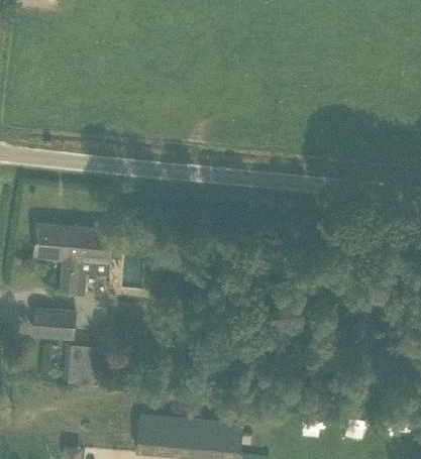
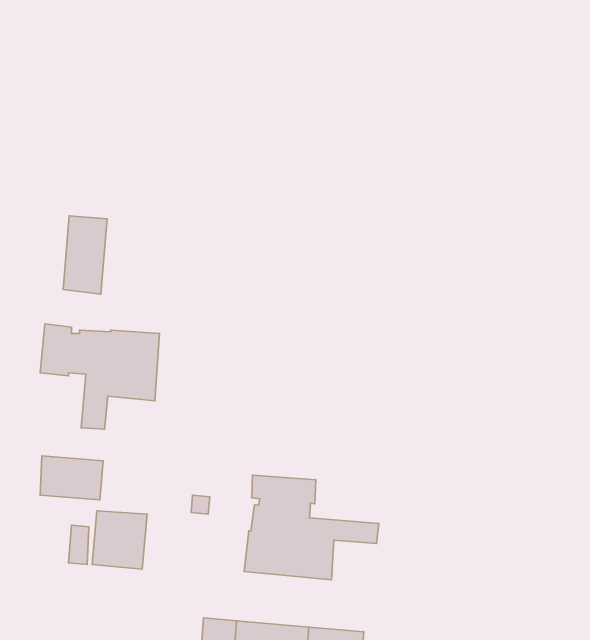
building: none -> [63,216,107,294]
building: none -> [244,475,379,580]

